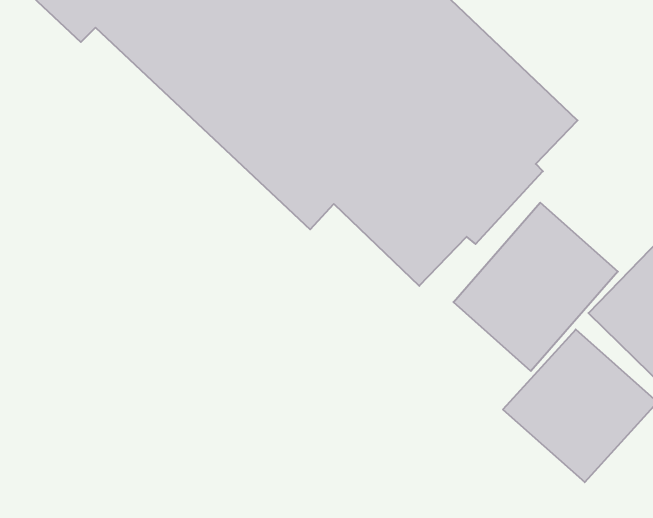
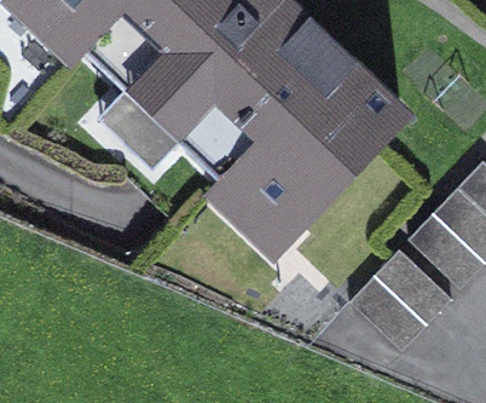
building: [453,203,618,371] -> none

